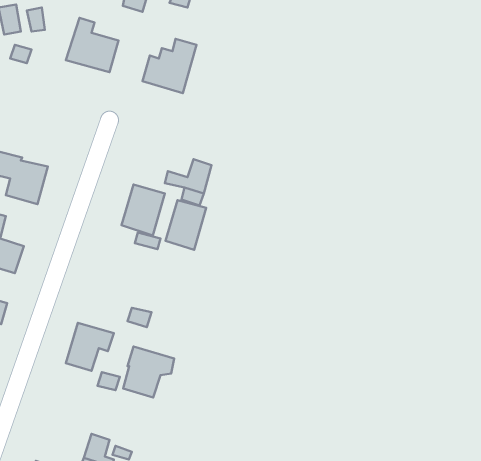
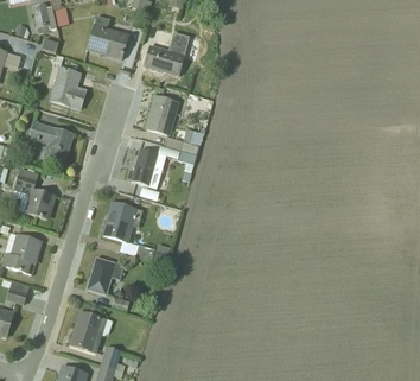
building: none -> [49,66,85,109]
building: [166,200,206,250] -> [147,95,179,134]
building: none -> [103,202,142,241]
building: [123,347,174,398] -> [71,311,112,351]

